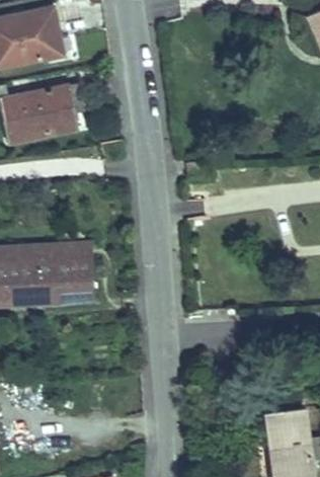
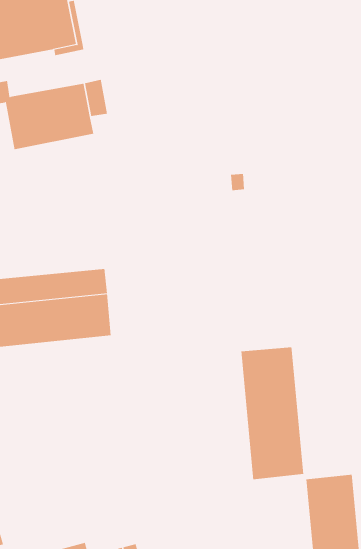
building: none -> [241,347,304,480]

